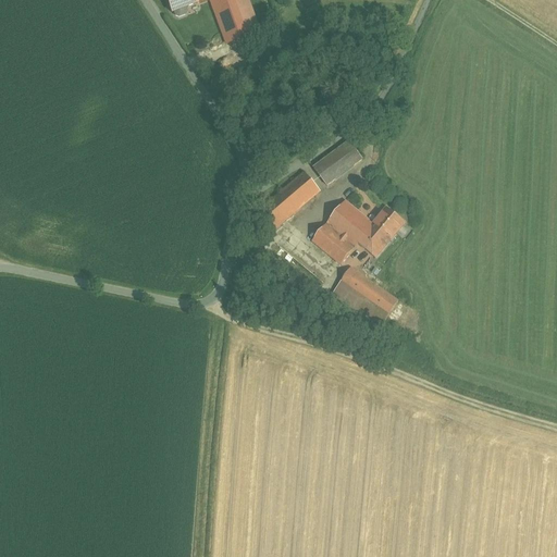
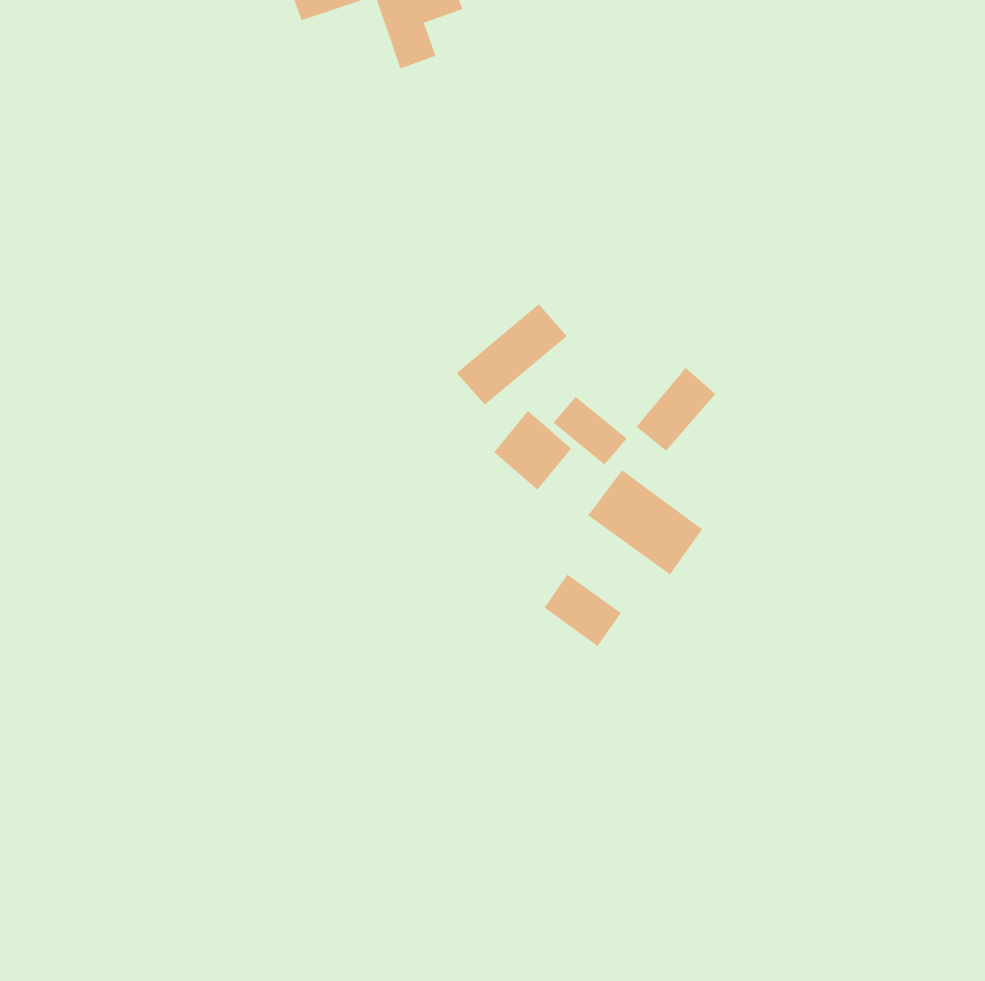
building: [313,139,361,183] -> none
building: [326,199,371,245] -> [493,410,572,491]
building: none -> [543,573,622,647]

